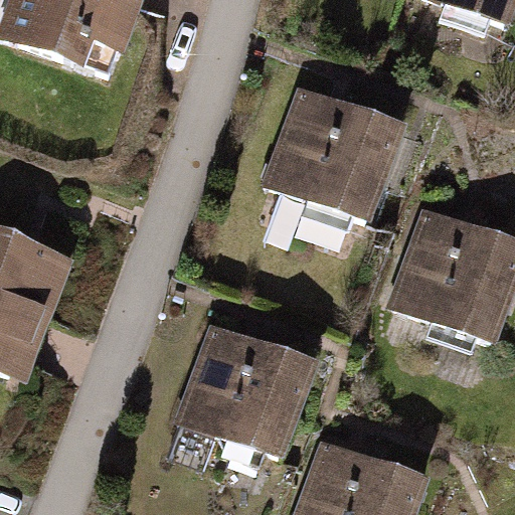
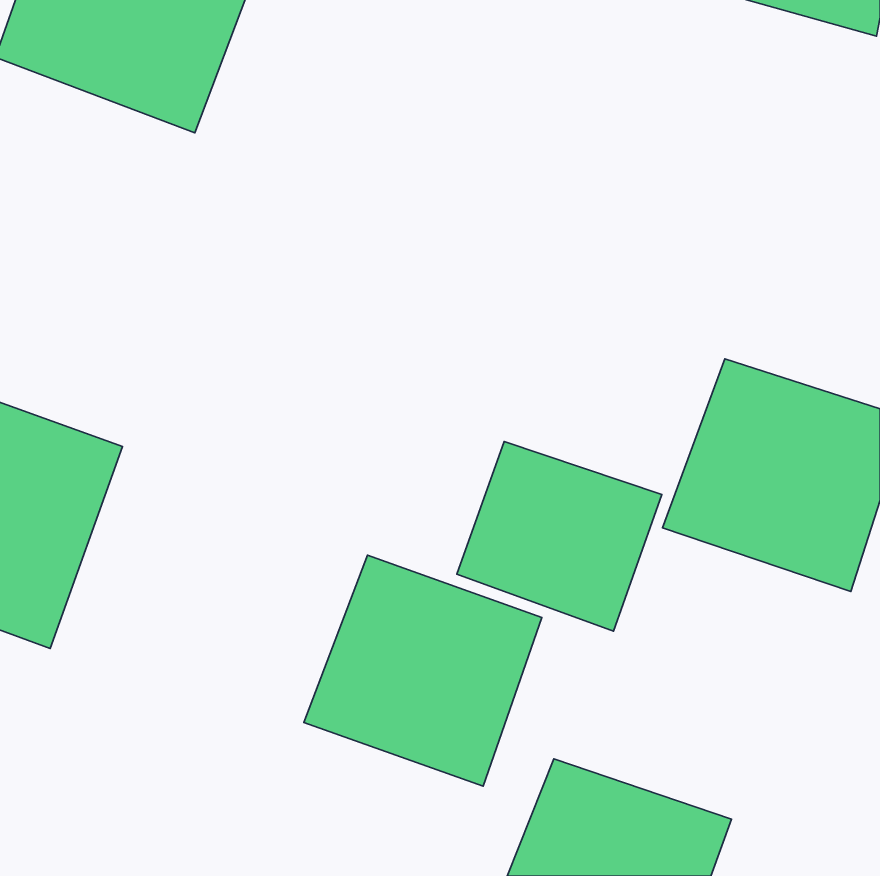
building: [267,87,400,217] -> none
building: none -> [457,442,662,631]

